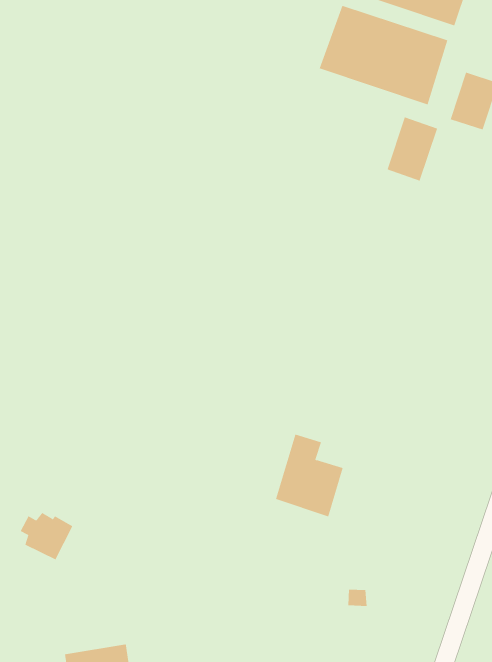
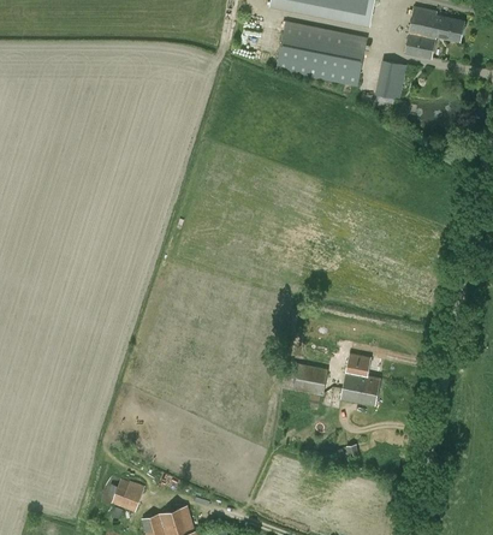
building: [387,117,438,181] -> none
building: none -> [340,353,379,404]
building: [20,512,73,560] -> [106,478,144,512]

